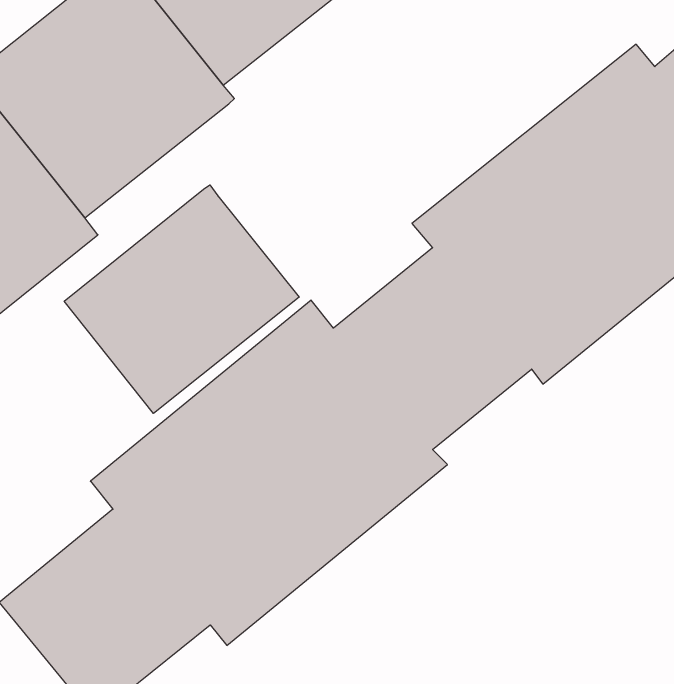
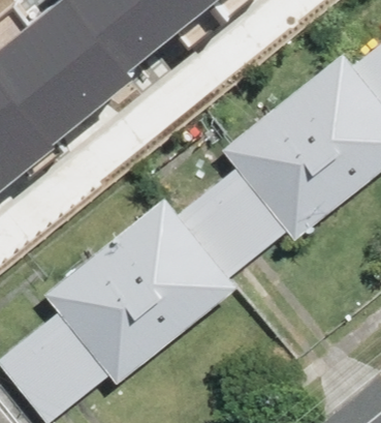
building: [64,185,299,413] -> none

